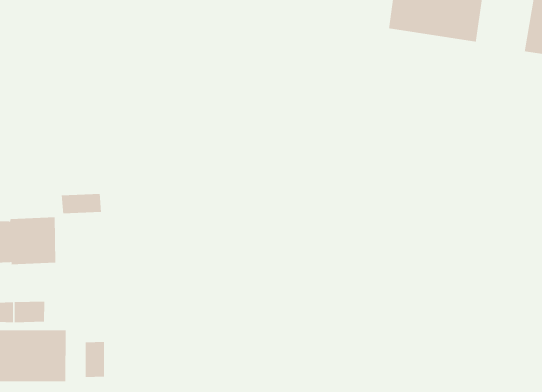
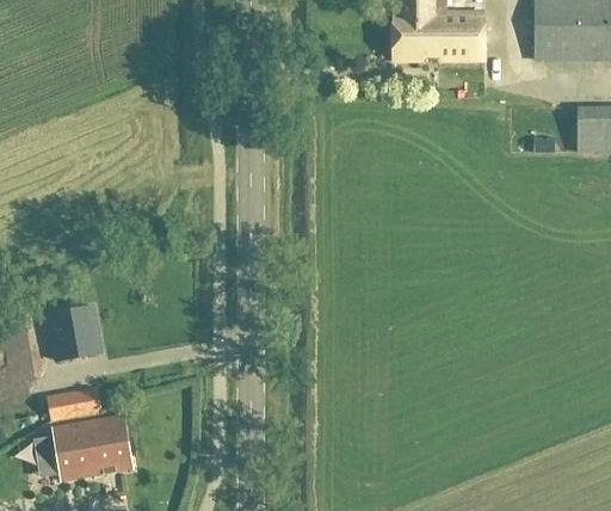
building: [61,193,102,214] -> none
building: [85,341,105,378] -> none

